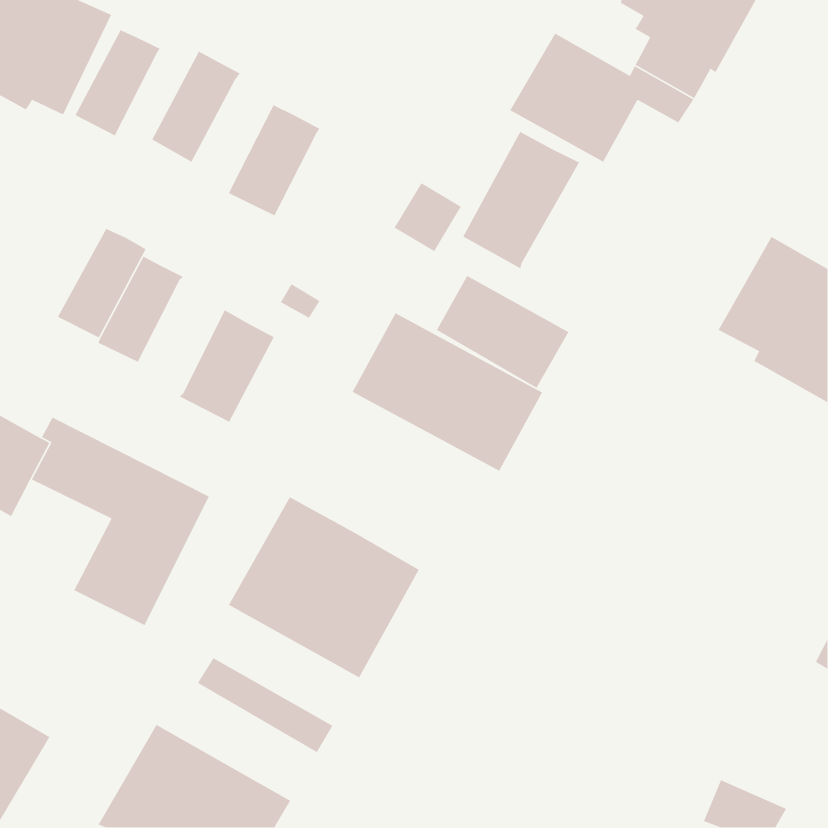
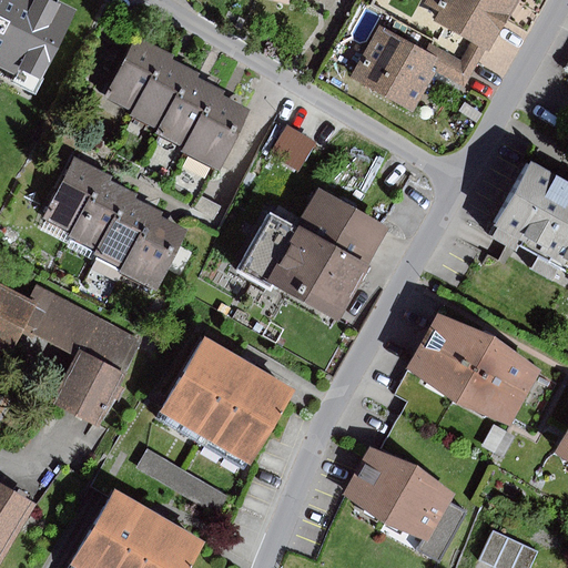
building: [75,29,161,136] -> [130,54,189,128]
building: [462,131,580,269] -> none
building: none -> [185,91,251,168]
building: none -> [92,191,155,268]
building: none -> [408,314,539,426]
building: none -> [343,447,464,558]

